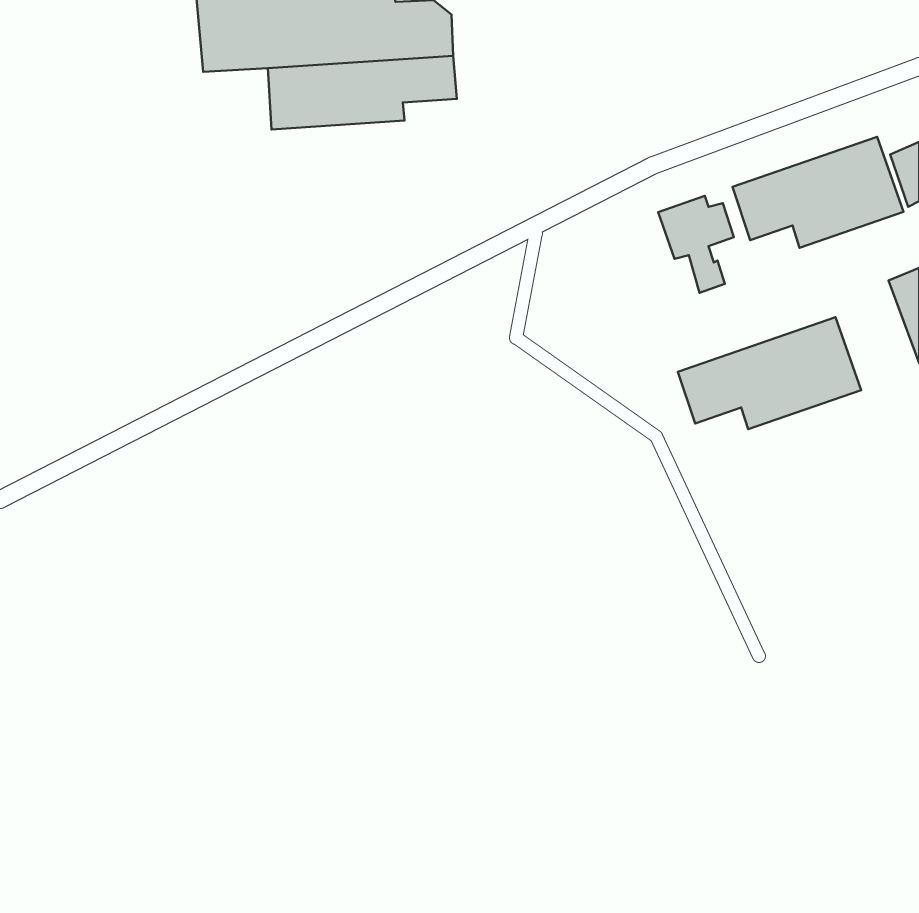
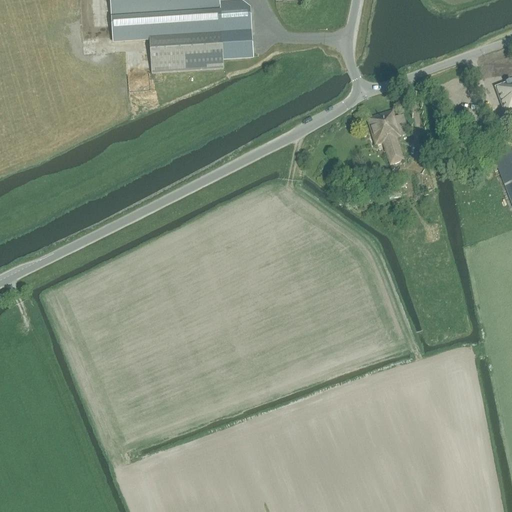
building: [732,137,904,248] -> none
building: [678,317,861,429] -> none

